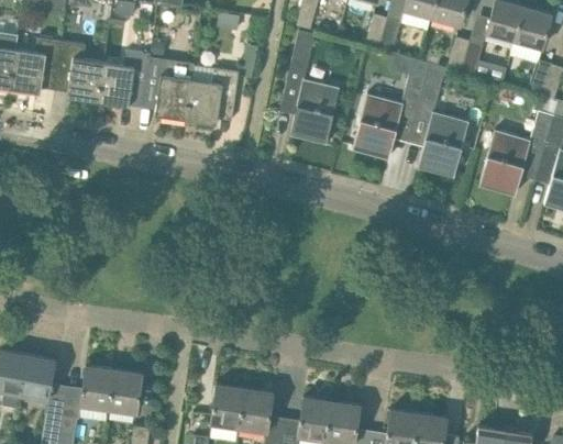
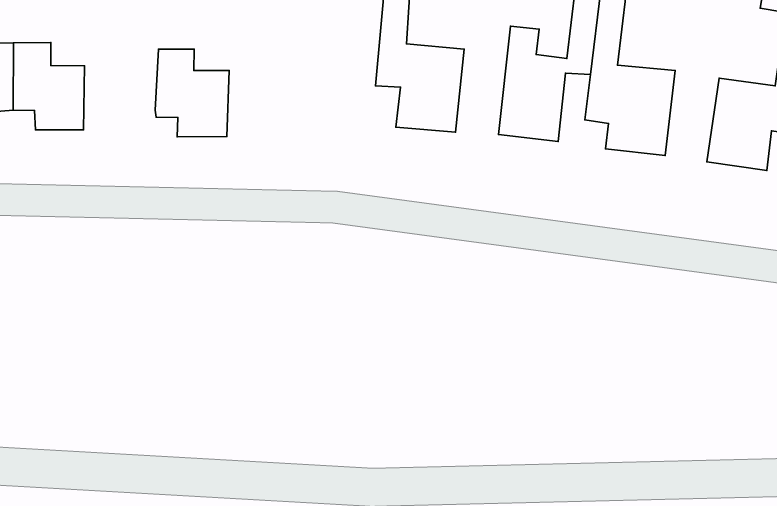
building: [97,52,151,108] -> none
building: [185,69,239,125] -> none

